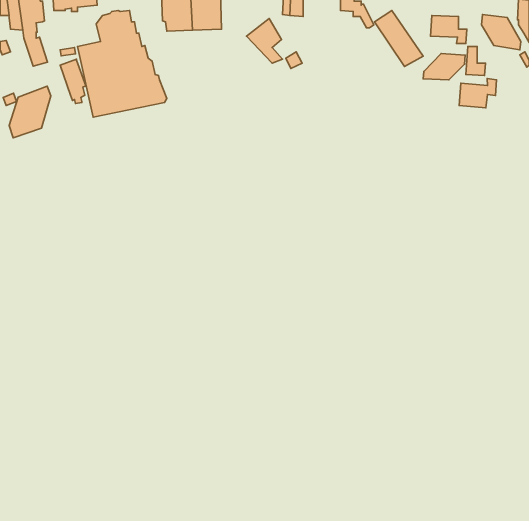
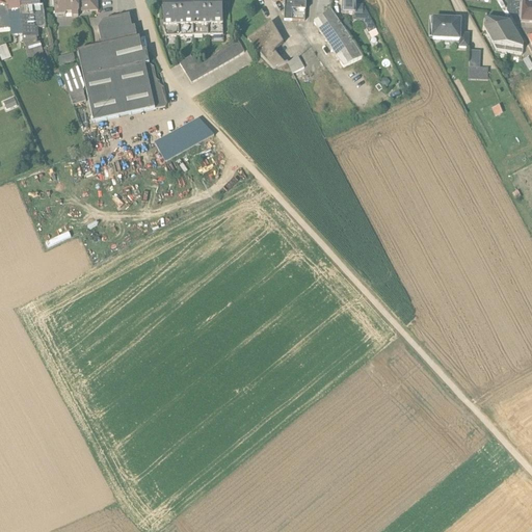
building: [374,11,423,67] -> [313,7,362,63]
building: none -> [179,36,243,77]
building: [423,53,465,80] -> none
building: [459,79,496,108] -> none
building: [9,86,51,138] -> none
building: none -> [154,116,214,159]

